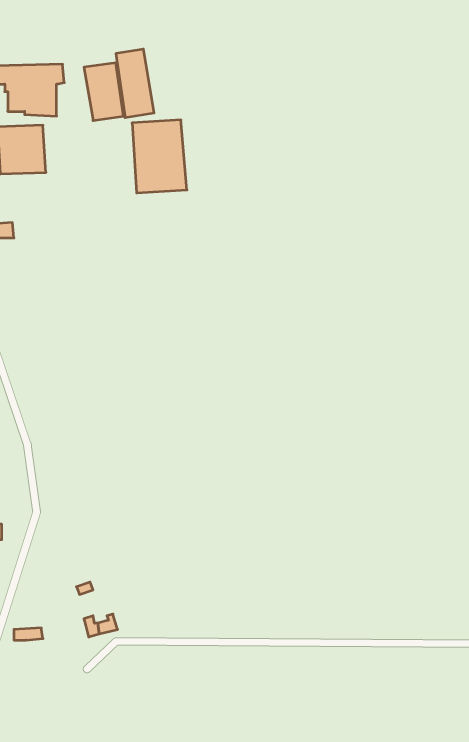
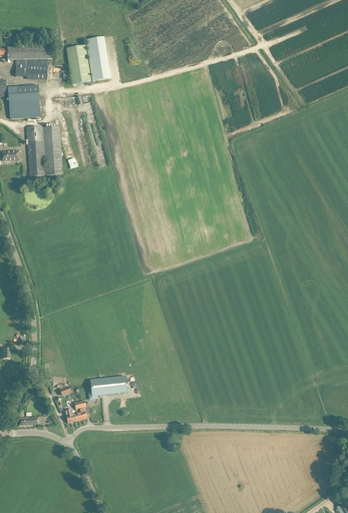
building: [132,120,187,193] -> [27,127,63,175]
building: none -> [90,375,127,395]

